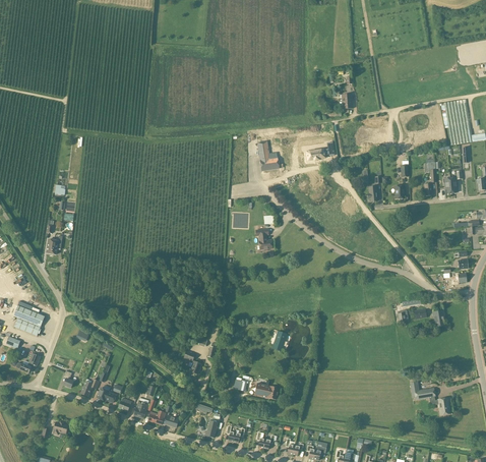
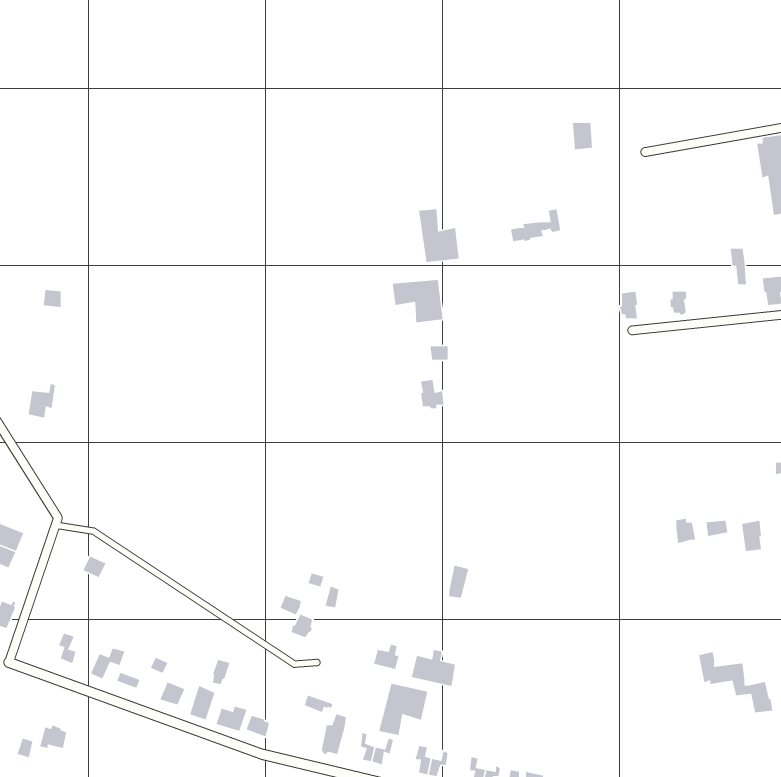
building: none -> [392,279,444,323]
building: none -> [378,683,428,736]

